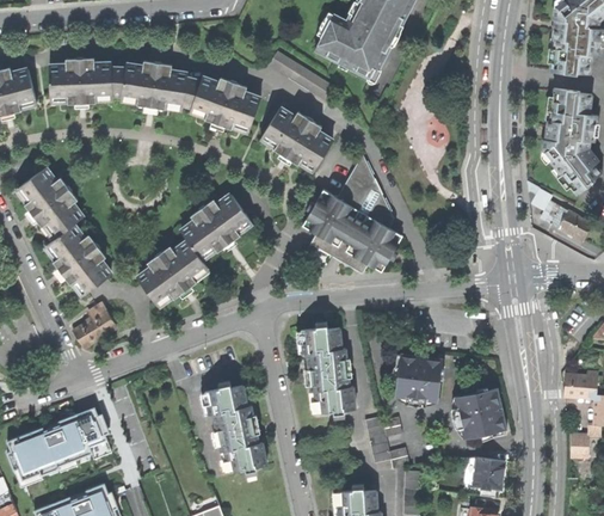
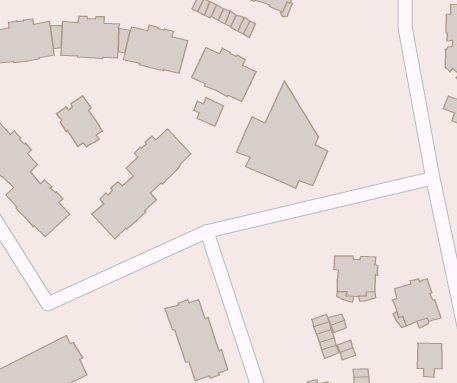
building: none -> [56,96,102,147]
building: none -> [194,97,223,126]
building: [73,302,116,348] -> none
building: [302,324,356,413] -> none

